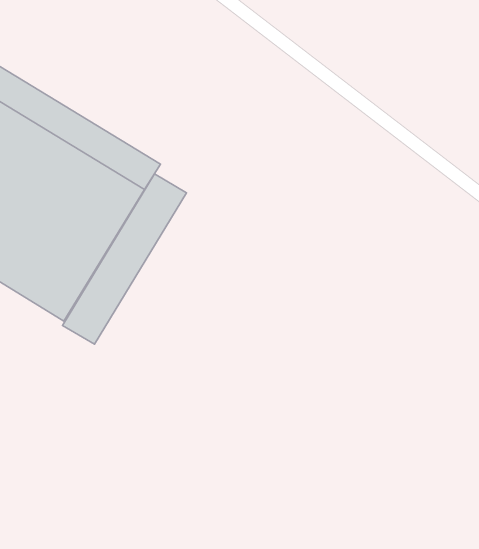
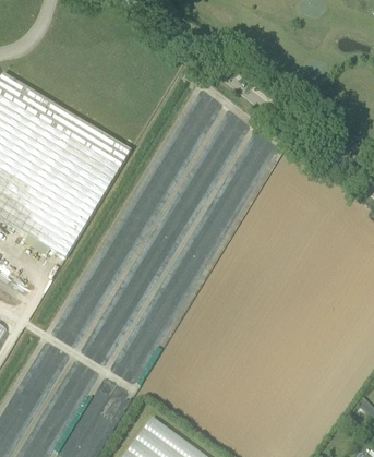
building: [63,174,186,344] -> none

